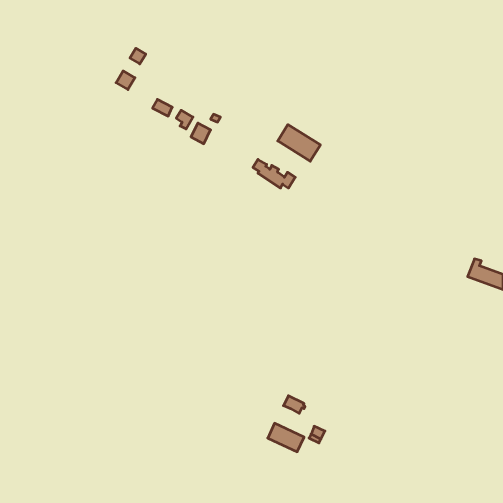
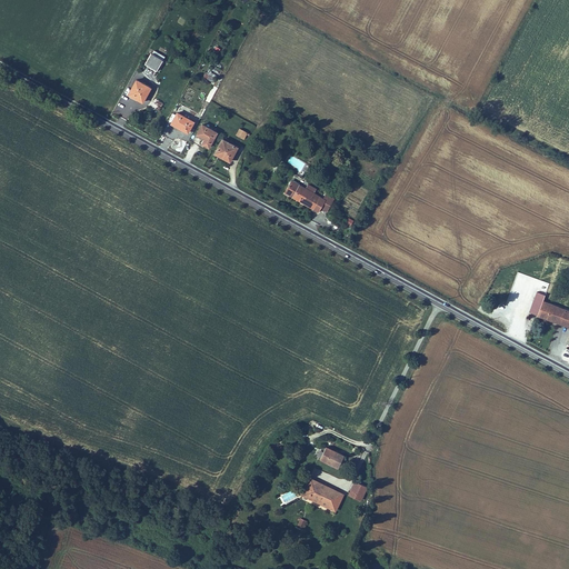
building: [278,125,320,161] -> none

